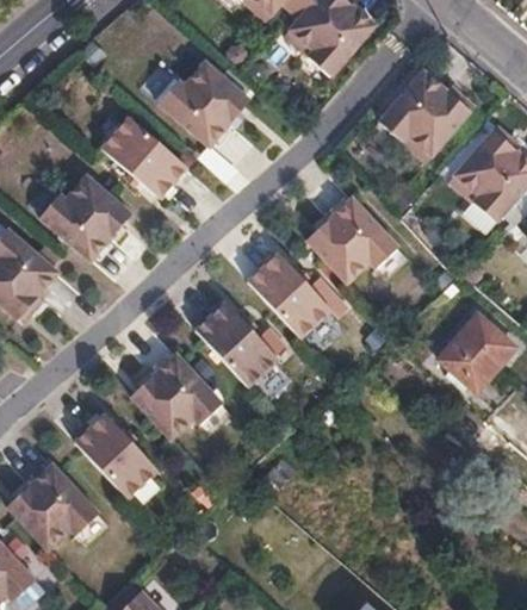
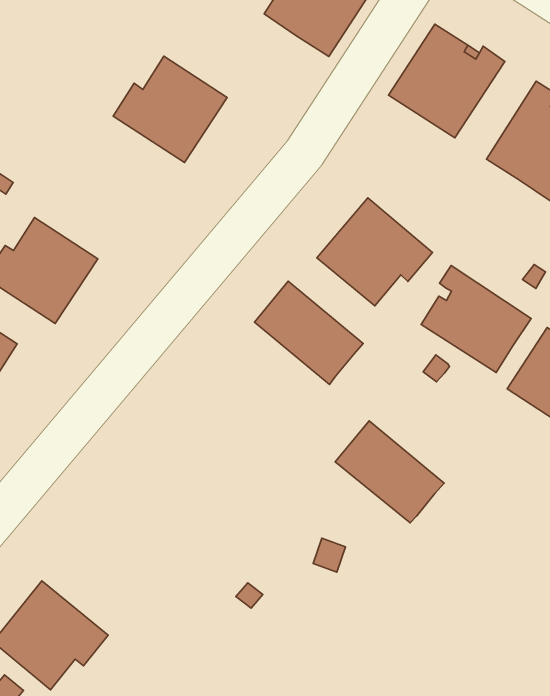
building: [101,118,187,200] -> none
building: none -> [421,266,531,373]
building: [196,301,279,386] -> [335,421,444,523]
building: [130,351,222,437] -> none
building: [74,412,157,497] -> none

